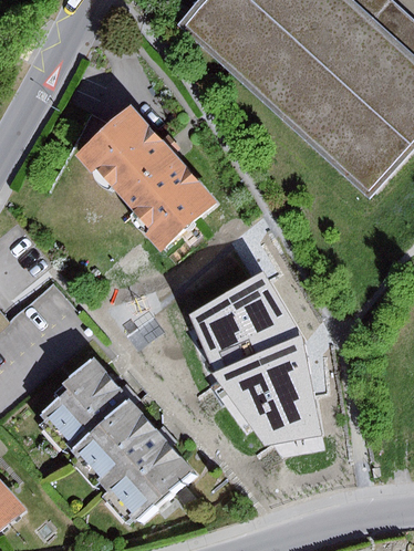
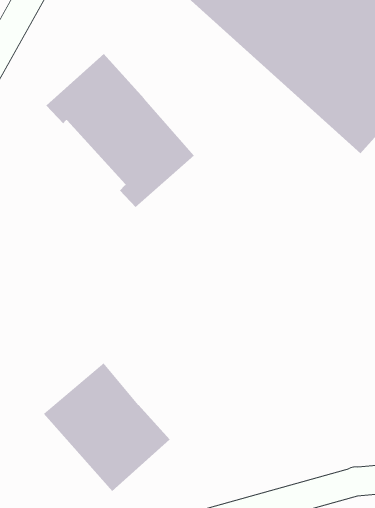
building: [186,267,319,444] -> none
building: [40,353,128,445] -> none

